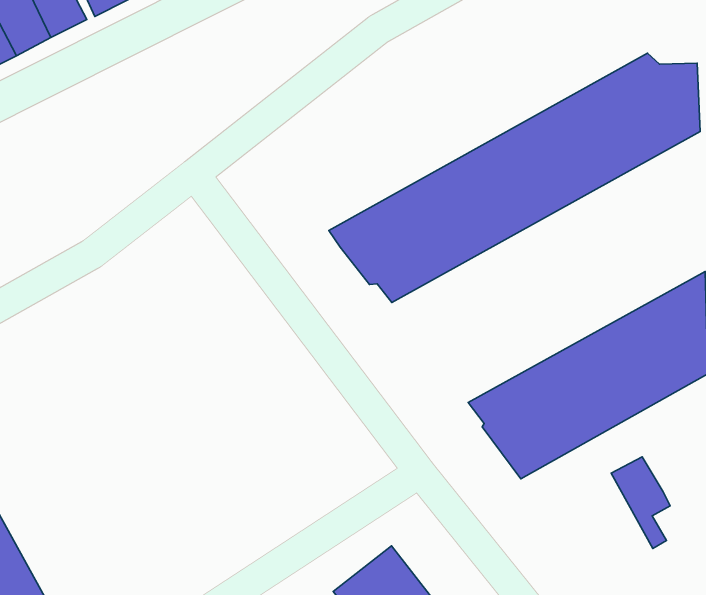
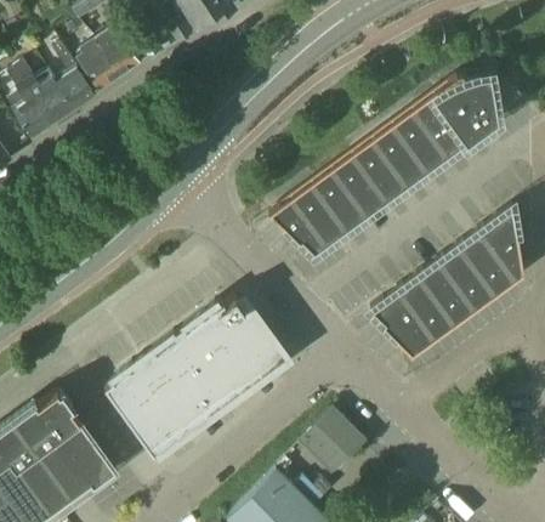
building: none -> [106,300,288,459]
building: [611,457,670,549] -> none

